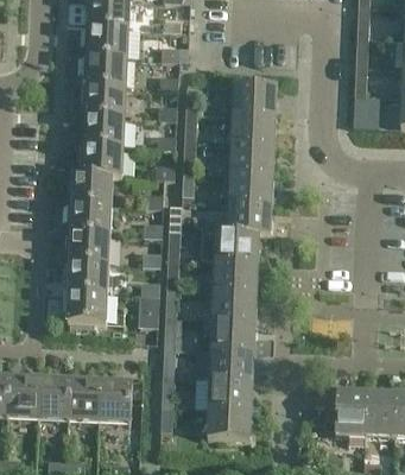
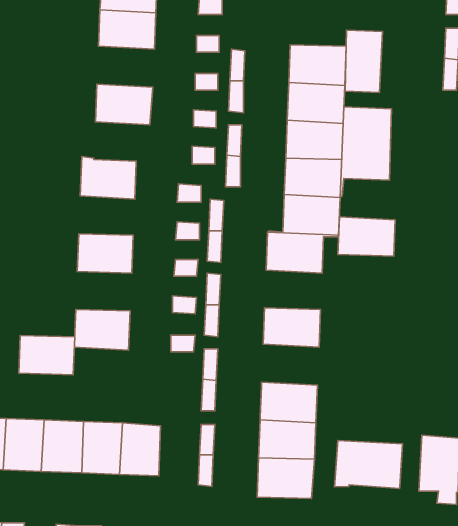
building: none -> [345,30,382,92]
building: [81,83,126,115] -> none
building: none -> [340,107,392,198]
building: [78,142,122,175] -> none
building: [67,201,110,232] -> none
building: [213,259,258,290] -> [338,217,395,256]
building: [64,260,108,291] -> [19,335,75,375]
building: [210,317,255,349] -> none
building: none -> [334,440,403,489]

